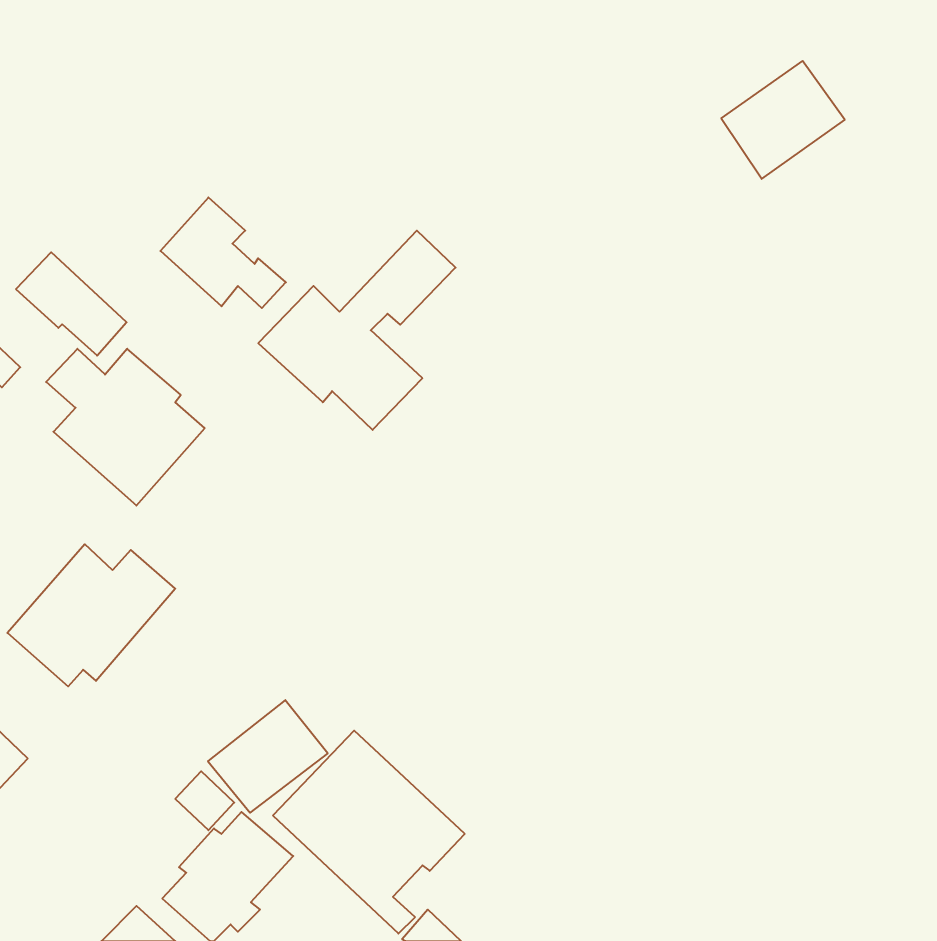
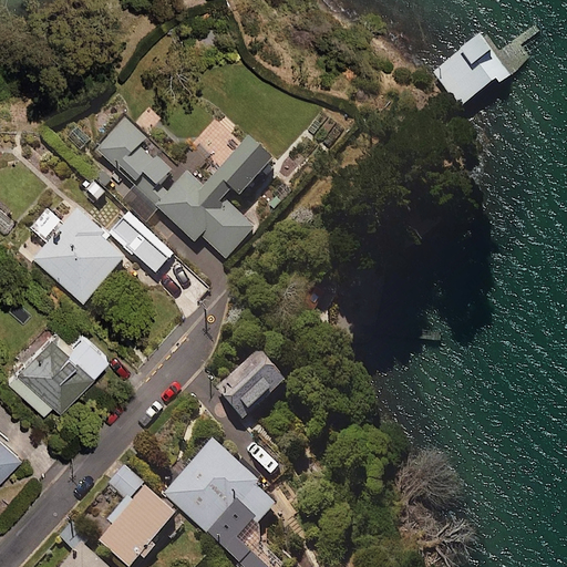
building: [16,252,127,356] -> [105,210,172,272]
building: [208,700,328,813] -> [217,350,289,417]

